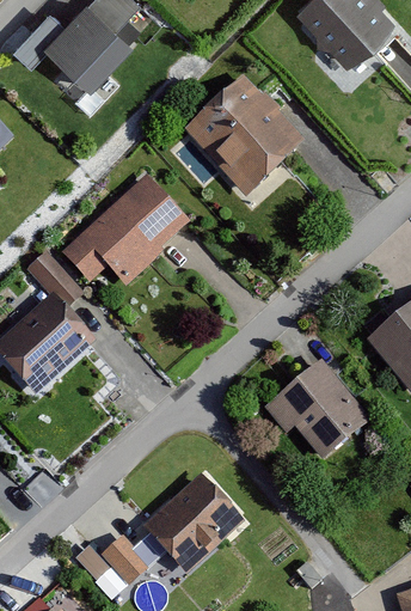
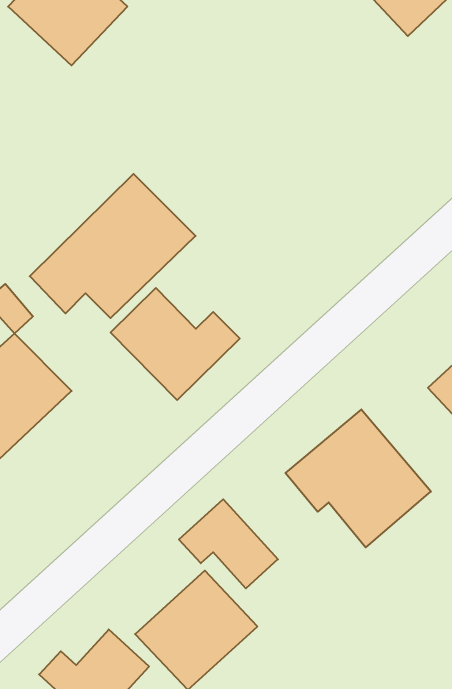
building: [185,77,305,197] -> none
building: none -> [111,288,240,400]
building: none -> [179,499,278,588]

